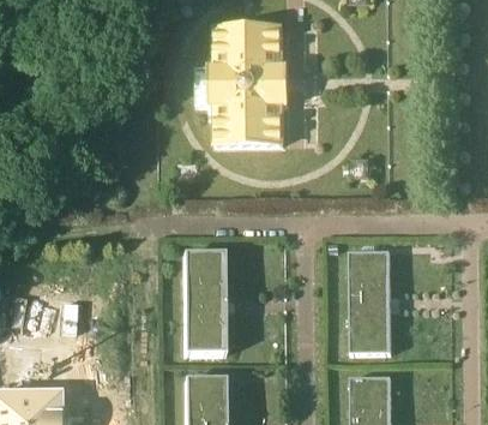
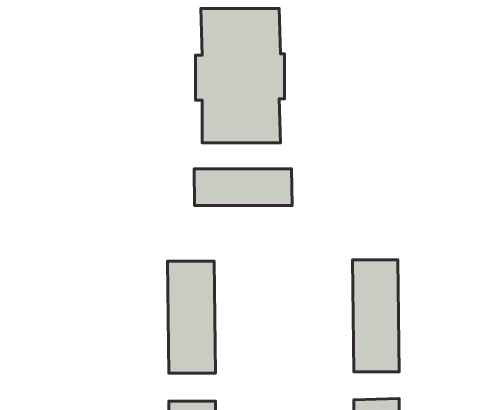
building: none -> [194,169,292,206]

